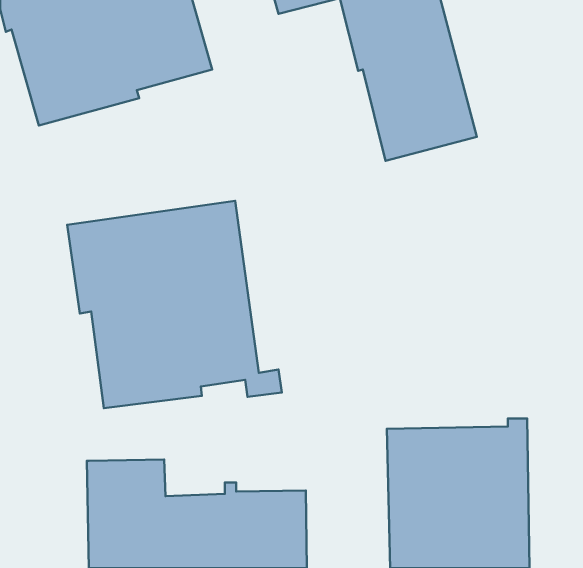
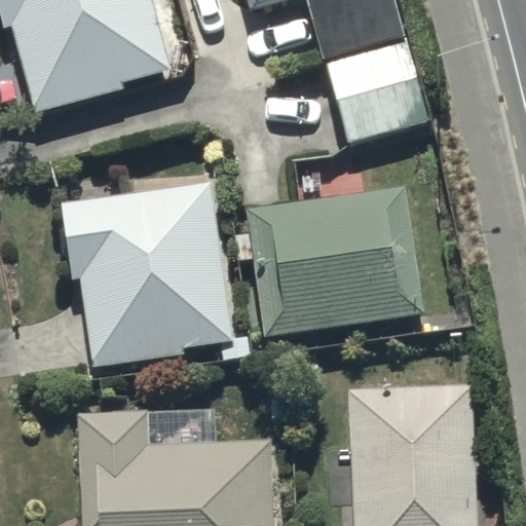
building: none -> [234,188,424,337]

